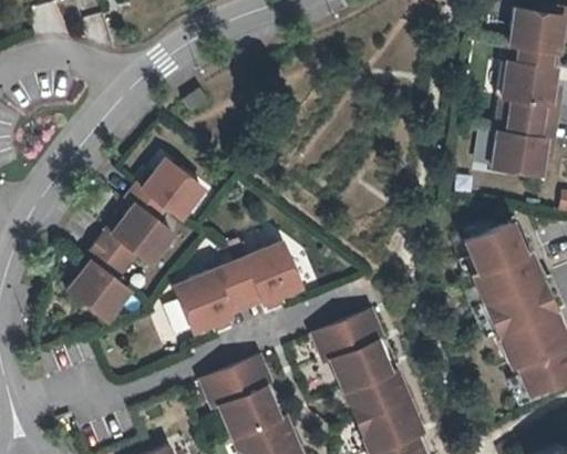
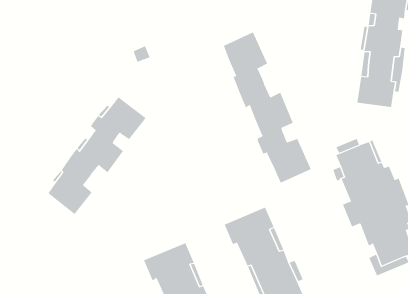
building: none -> [223,31,311,184]
building: [168,240,303,339] -> none

